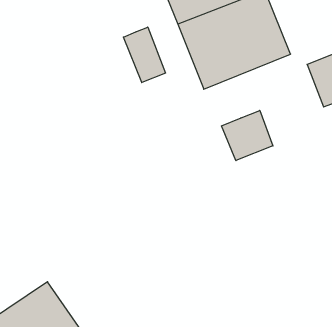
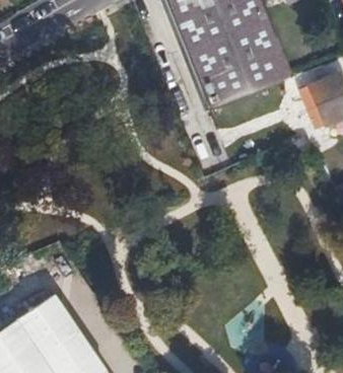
building: [123,27,166,83] -> none
building: [222,110,273,161] -> none

